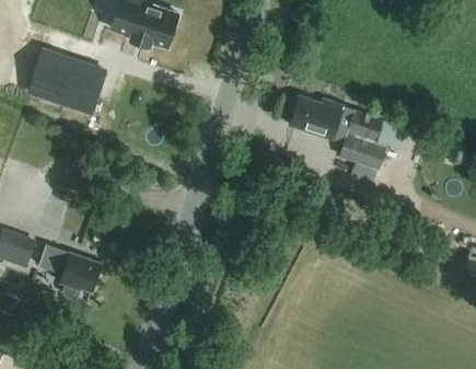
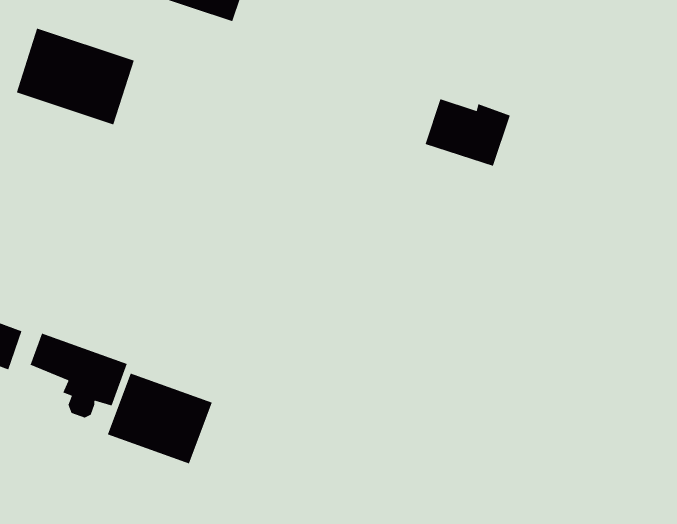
building: [337,111,385,170] -> none
building: none -> [107,373,213,464]

